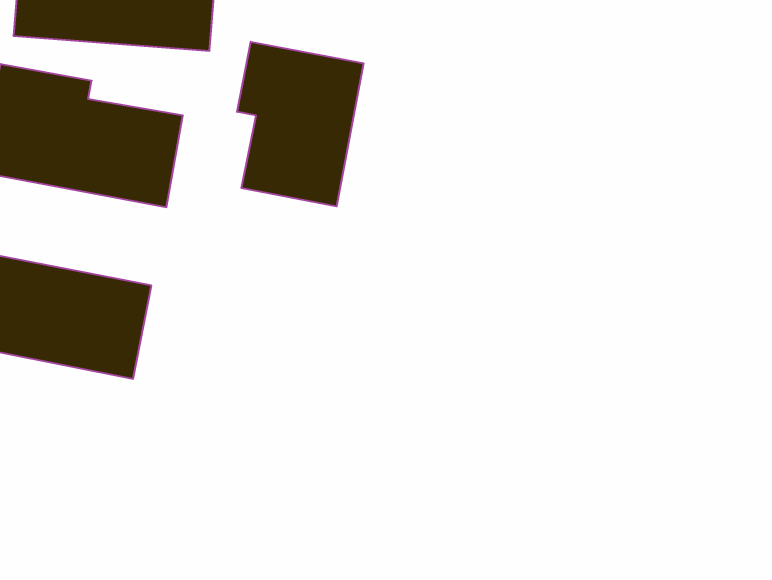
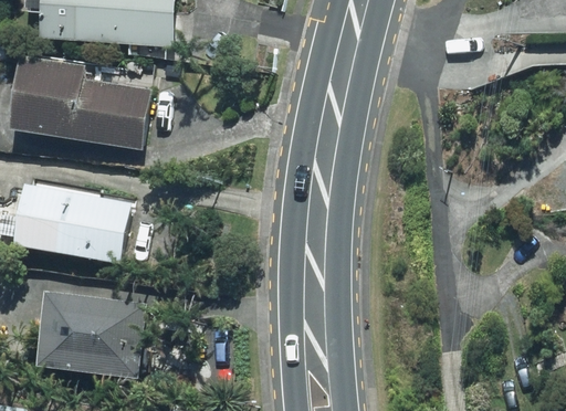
building: [237,42,363,206] -> none
building: none -> [46,282,151,371]

